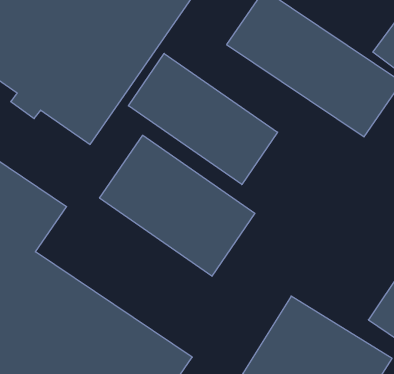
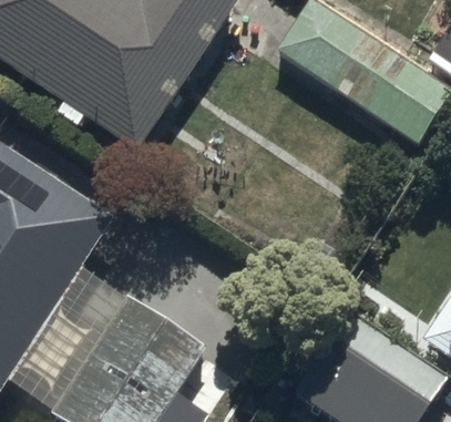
building: [128,53,278,185] -> none
building: [100,135,255,276] -> none

